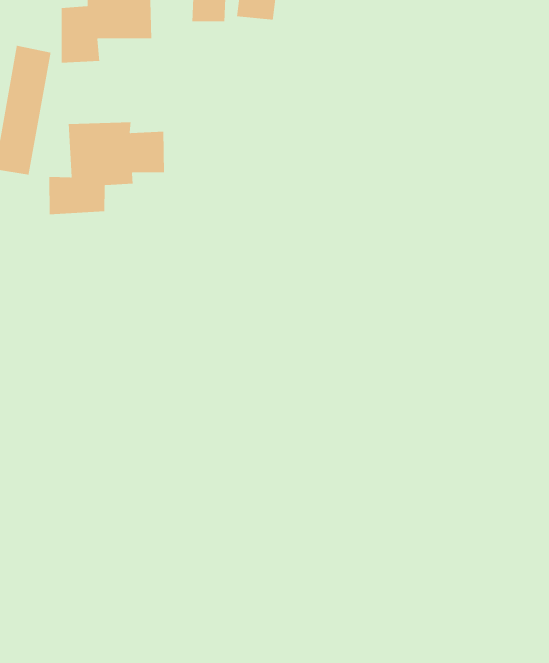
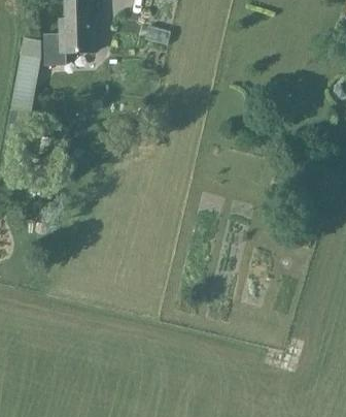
building: [48,121,165,215] -> none

